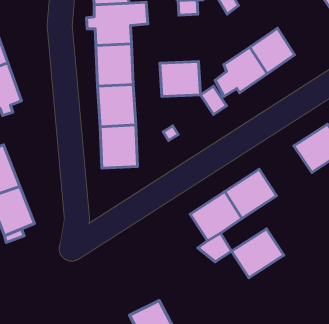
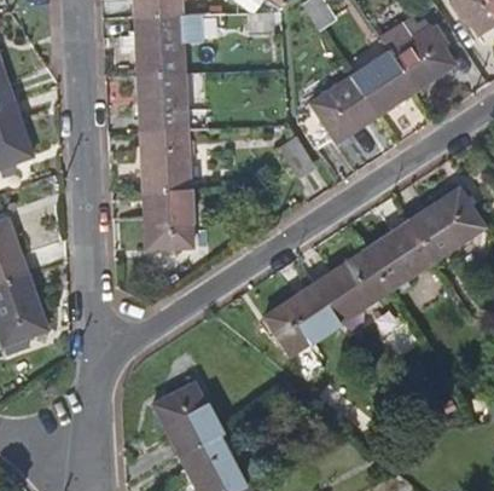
building: none -> [380,24,452,89]
building: [160,62,200,96] -> none
building: none -> [364,216,437,287]
building: [232,229,284,278] -> none
building: none -> [156,380,223,454]

